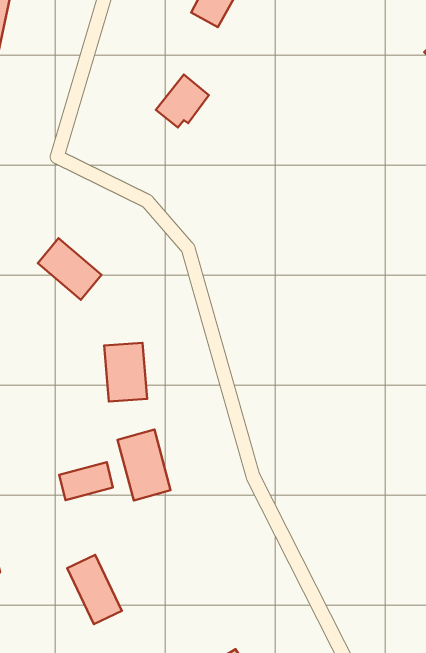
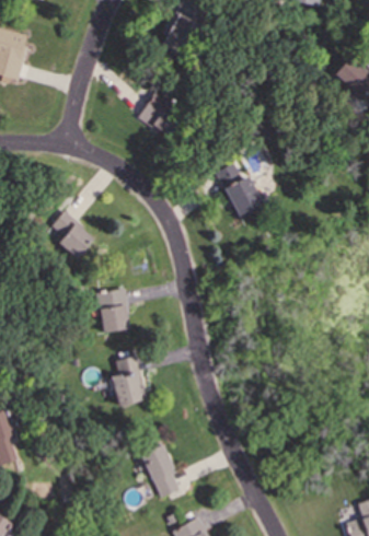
building: none -> [216,162,264,218]
building: [59,462,113,500] -> none
building: [67,555,122,624] -> [141,445,182,497]

